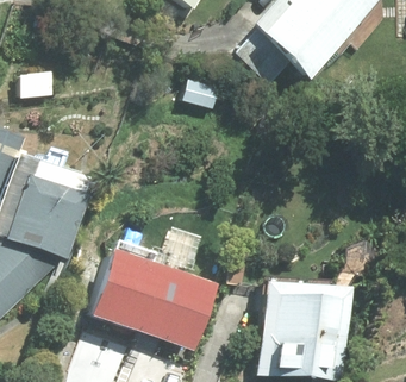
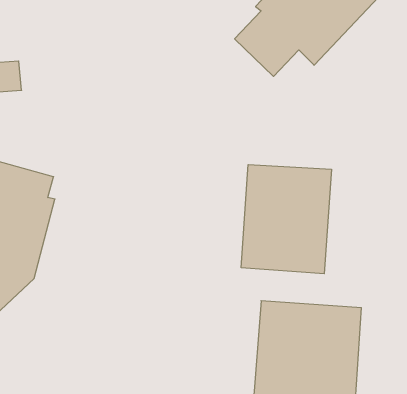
building: none -> [241,165,331,274]
building: [88,244,219,351] -> none

